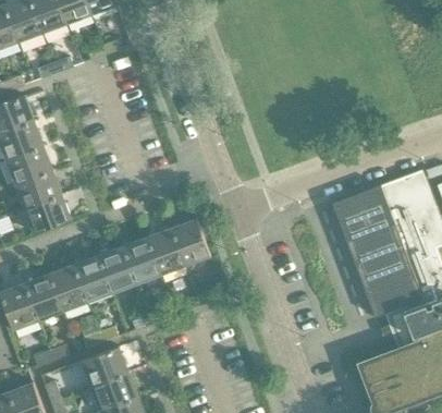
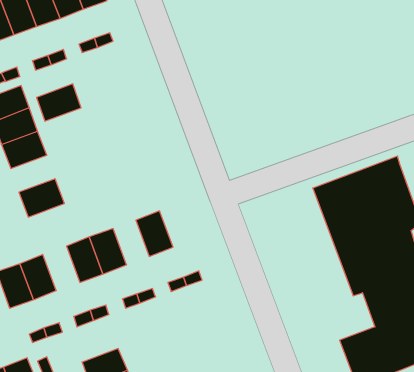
building: [14,169,61,208] -> [37,84,81,121]
building: [171,219,210,266] -> none
building: [122,238,160,284] -> none
building: [48,265,87,312] -> none
building: [79,347,127,387] -> none

